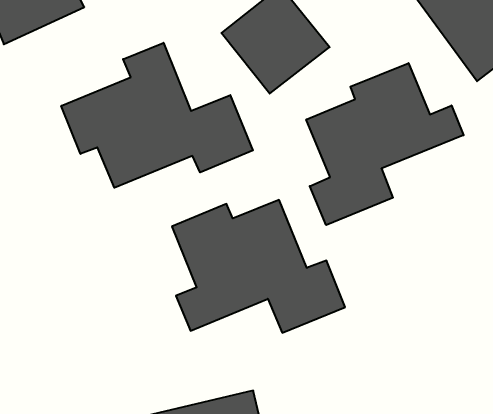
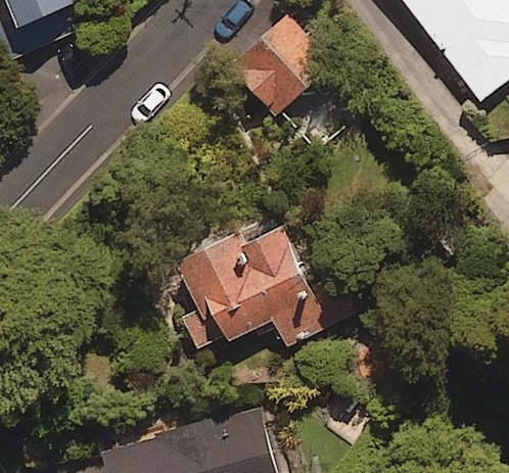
building: [61,43,253,188] -> none
building: [306,63,464,225] -> none

